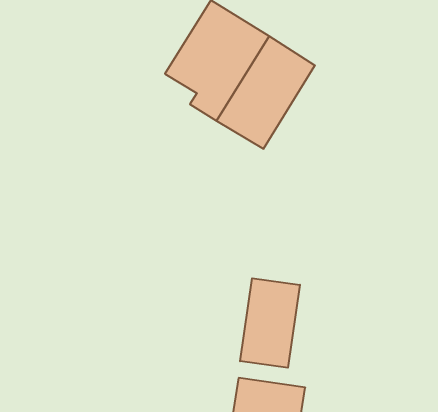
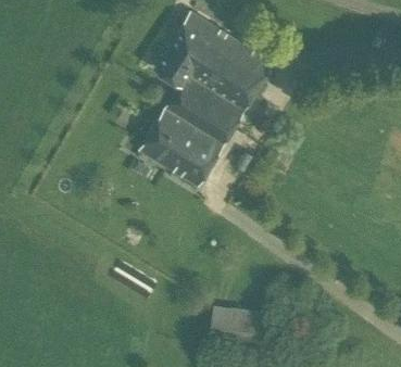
building: none -> [140,91,233,182]
building: [240,278,300,368] -> none

